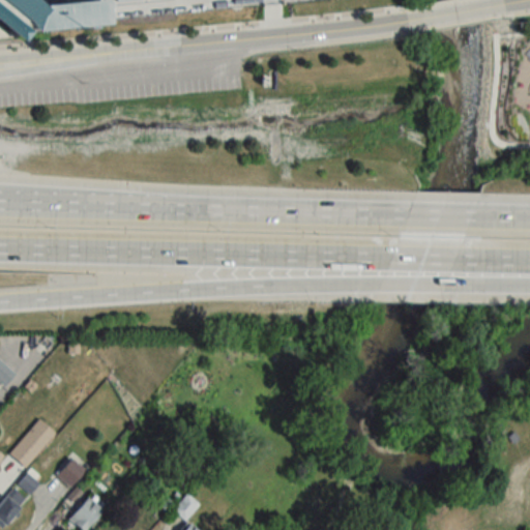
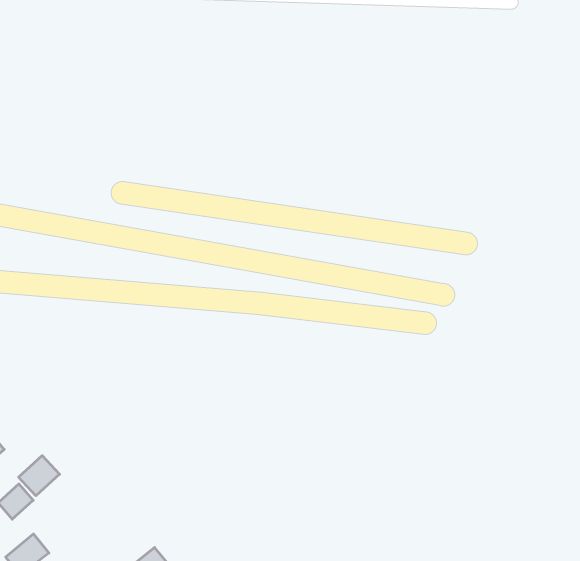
building: none -> [19,456,60,496]

